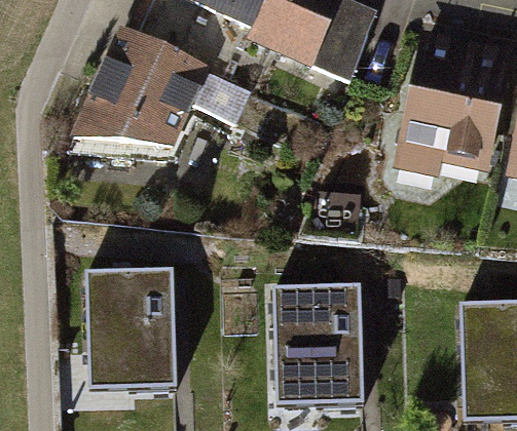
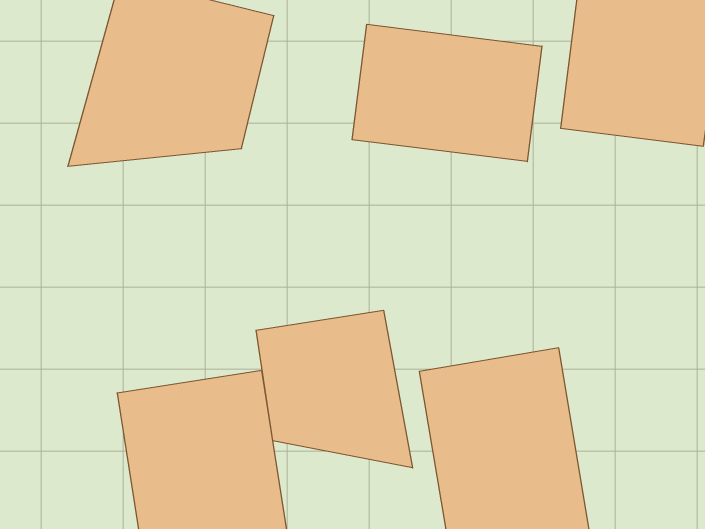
building: none -> [352,24,542,162]
building: none -> [256,310,413,468]

